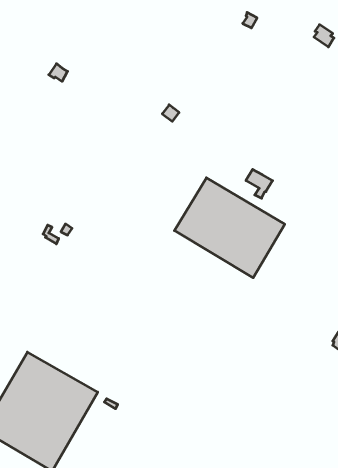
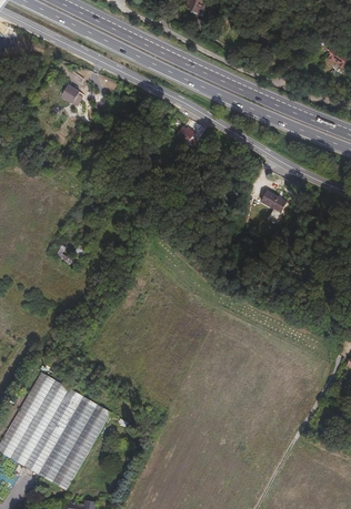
building: [174,178,285,278] -> none

